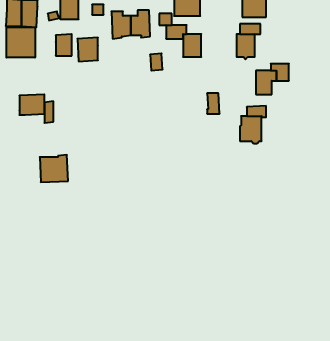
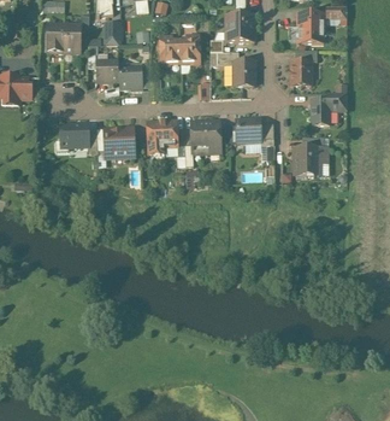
building: [6,27,35,58] -> none
building: none -> [234,119,260,144]
building: none -> [189,121,219,152]
building: none -> [146,122,176,154]
building: [40,155,68,182] -> [102,128,132,157]

